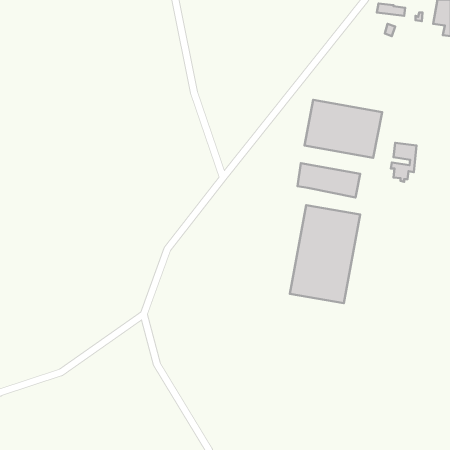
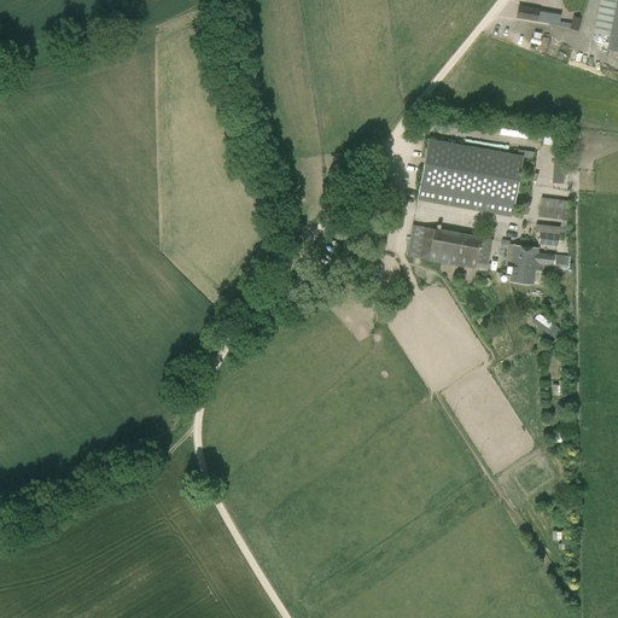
building: none -> [511,244,571,284]
building: [290,205,360,303] -> none

